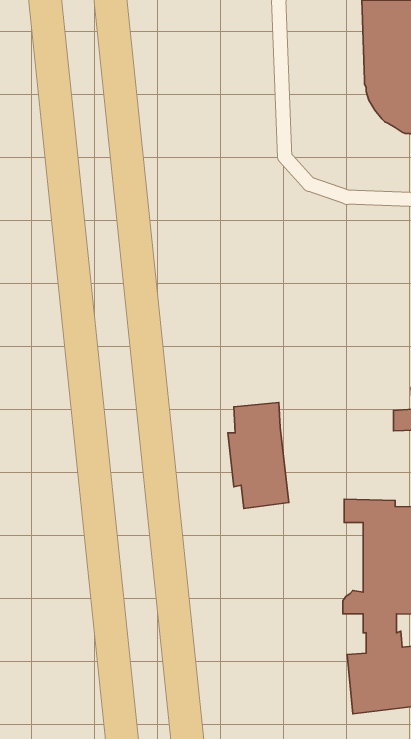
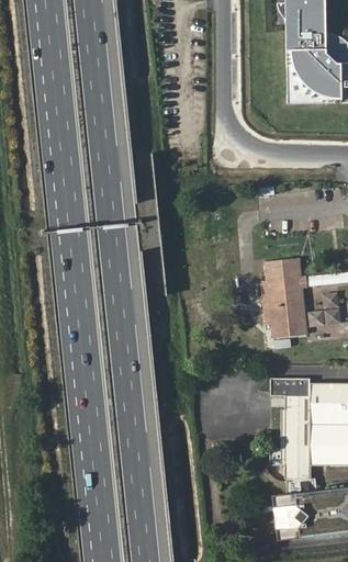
building: [228,402,289,508] -> [261,258,307,338]

